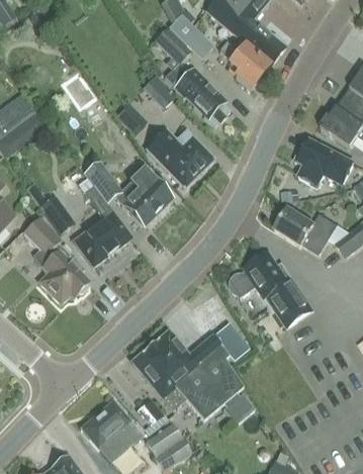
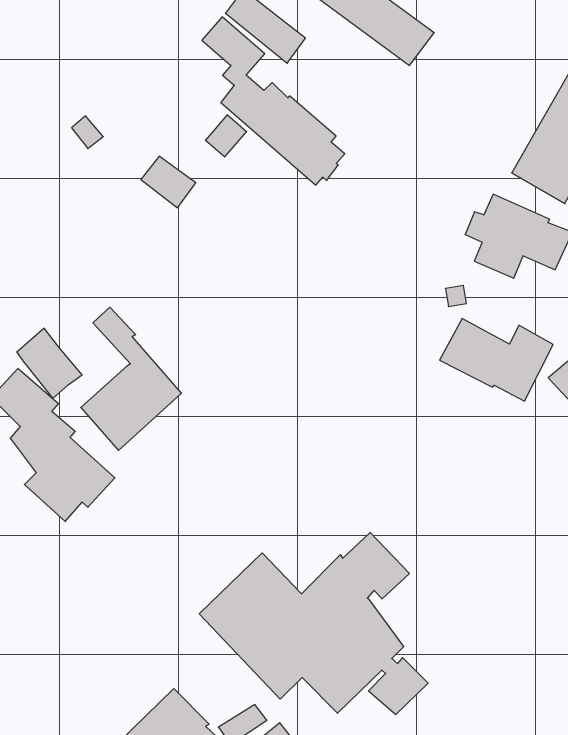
building: [218,42,268,89] -> none
building: [146,128,214,188] -> none
building: [83,160,173,226] -> none
building: [229,251,312,325] -> none

